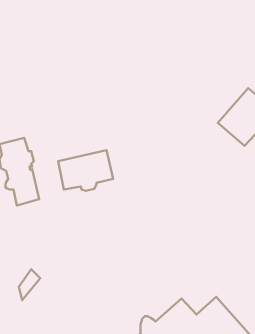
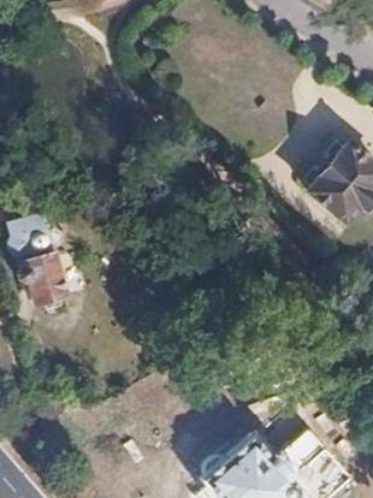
building: [58,150,113,191] -> none

